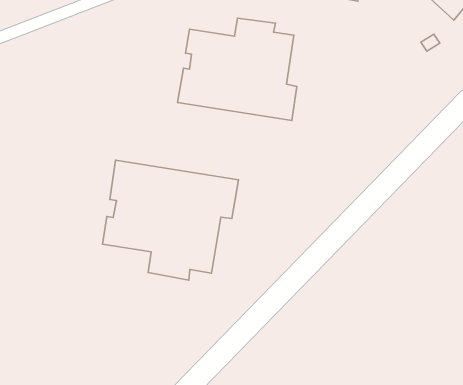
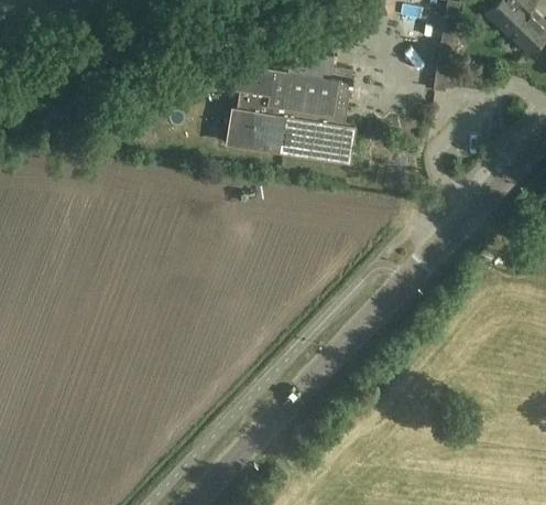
building: [103,160,238,280] -> none

